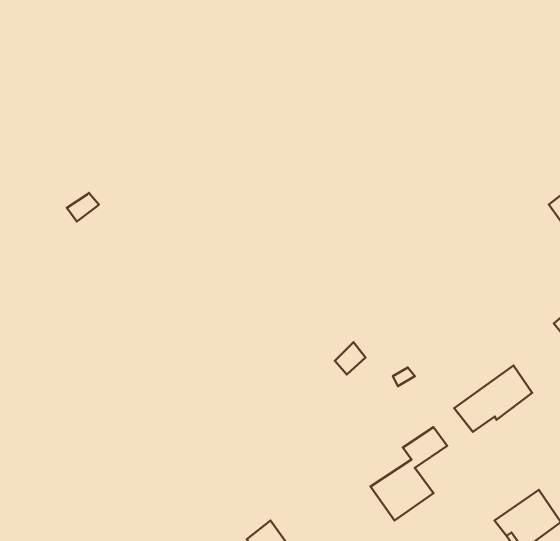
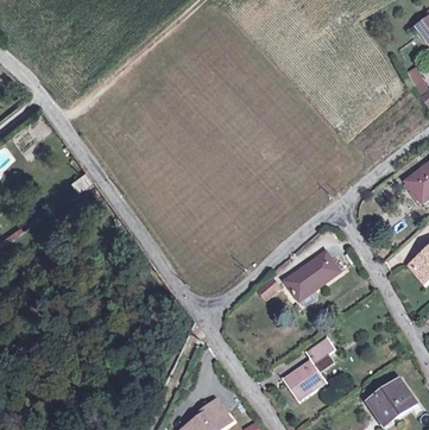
building: [454,366,532,432] -> [284,252,339,298]

